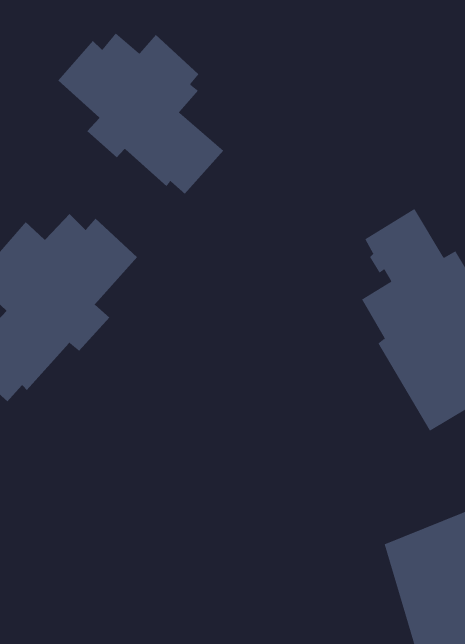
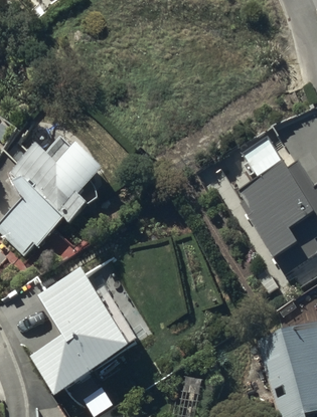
building: [57,32,224,195] -> none
building: none -> [27,265,139,394]

